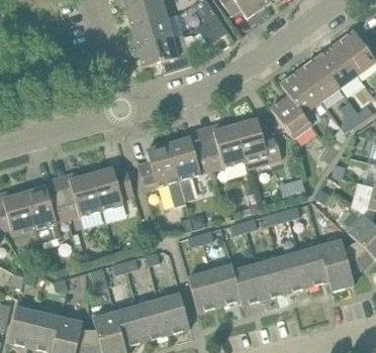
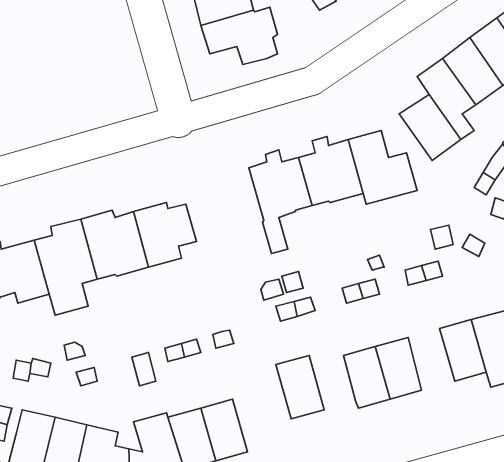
building: [137,144,185,208] -> none
building: [276,252,307,293] -> none
building: [209,264,241,307] -> none
building: [158,293,190,335] -> none

